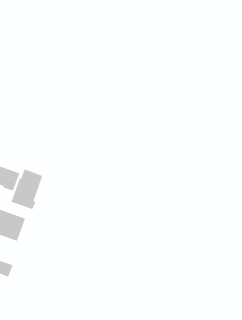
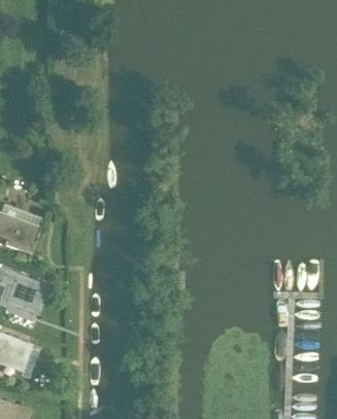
building: [11,169,43,210] -> none

